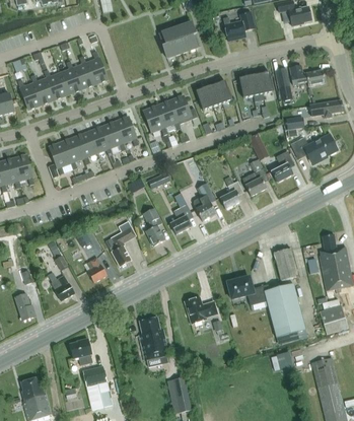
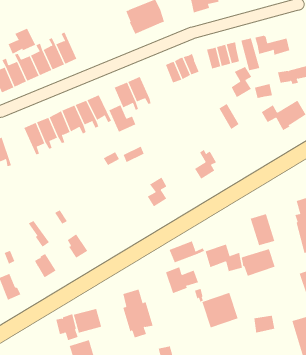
building: none -> [8,28,36,54]
building: [170,95,198,124] -> [108,104,136,132]
building: [272,151,294,183] -> [231,66,252,98]
building: [242,158,269,196] -> none
building: [194,183,216,221] -> none
building: [143,208,165,245] -> none
building: [105,221,136,267] -> none
building: none -> [169,241,205,263]
building: [268,302,304,338] -> [202,292,238,328]
building: none -> [73,308,102,333]

